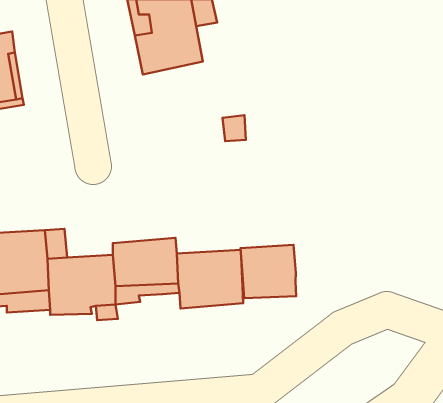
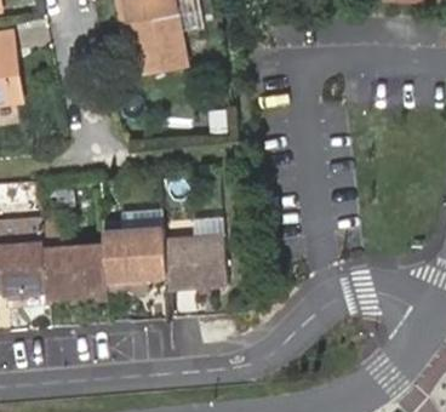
building: [241,245,296,298] -> none

